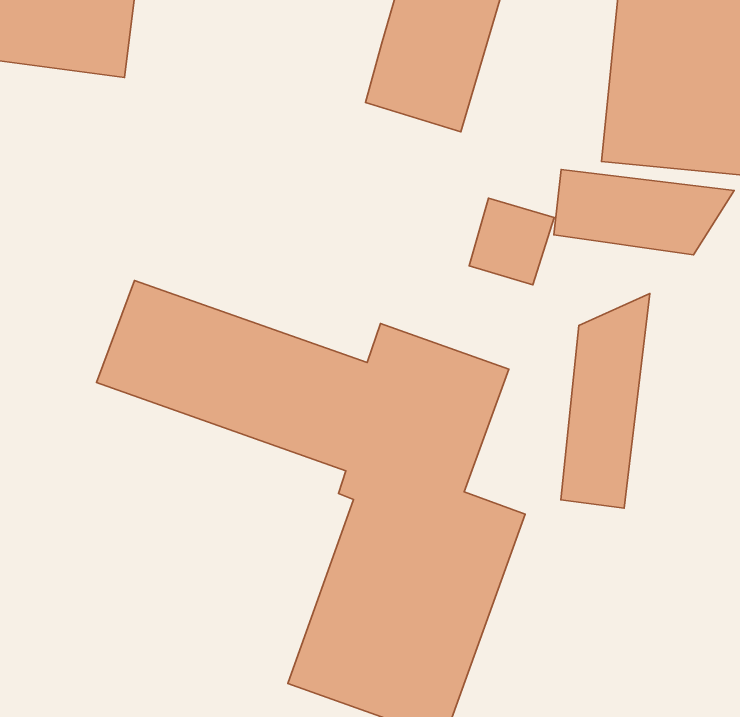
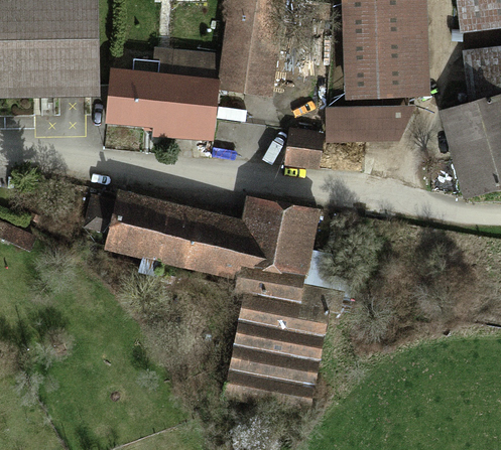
building: none -> [111,49,224,128]
building: [561,294,650,508] -> none

